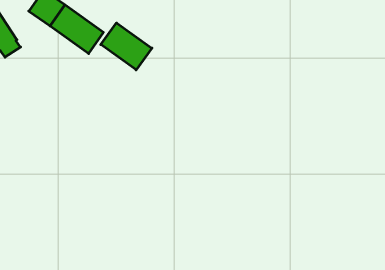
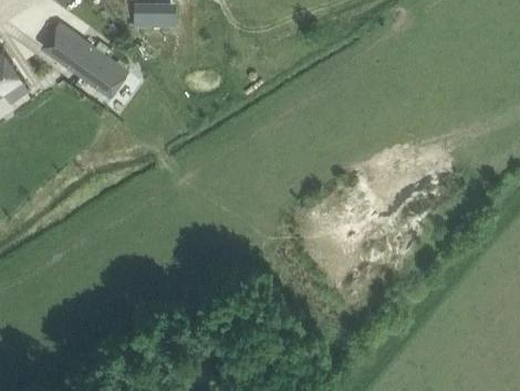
building: [101,23,152,70] -> none

